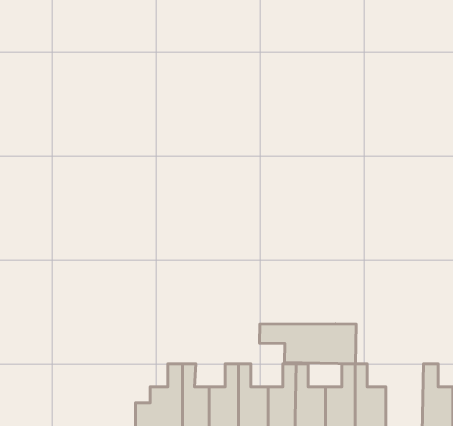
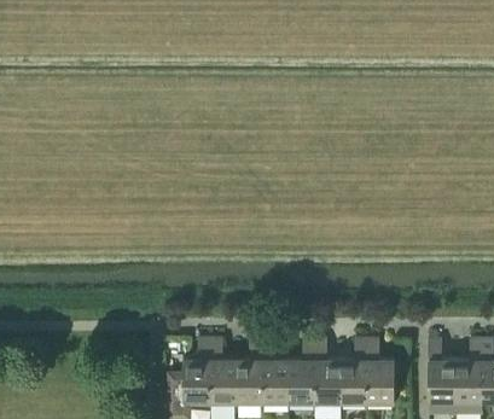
building: [260,324,356,364] -> none

